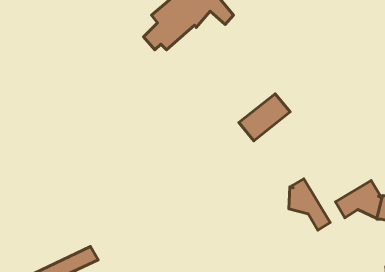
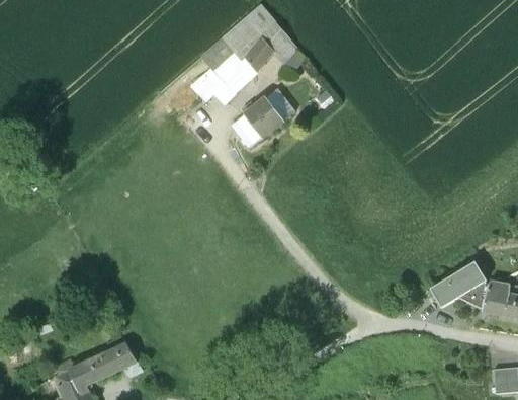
building: [239,94,290,141] -> [235,90,297,148]
building: [289,179,330,230] -> none

